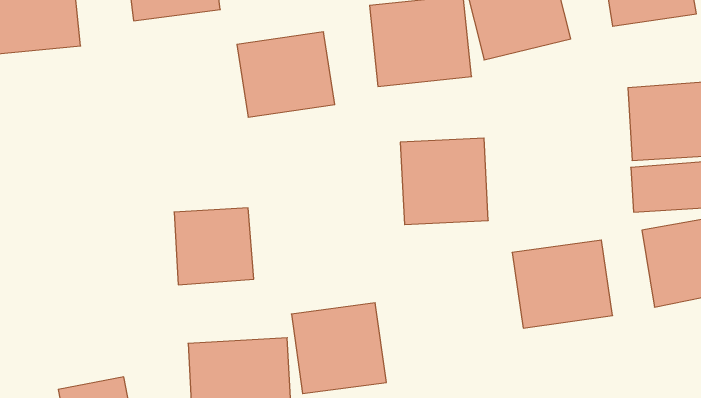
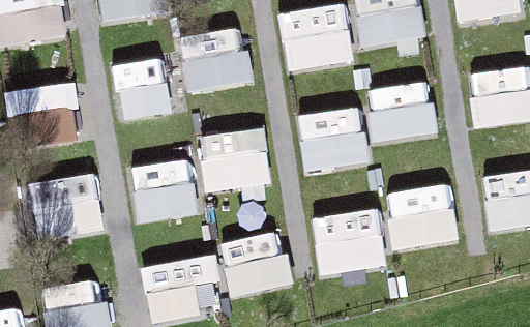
building: none -> [115,55,178,114]
building: none -> [13,83,80,149]
building: none -> [365,84,435,142]
building: none -> [200,129,269,192]
building: none -> [31,172,105,238]
building: none -> [312,208,384,275]

